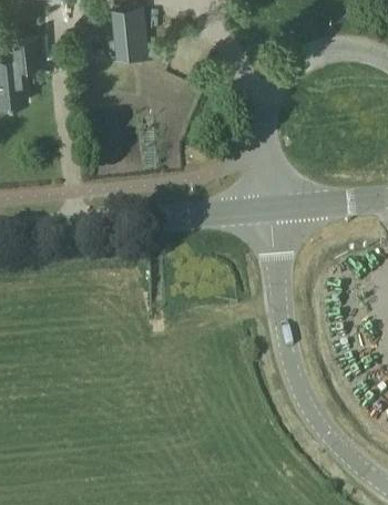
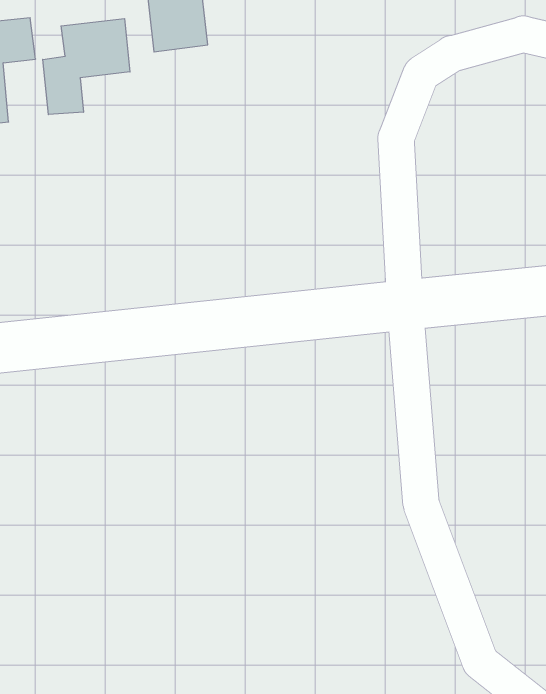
building: none -> [43,19,130,115]

